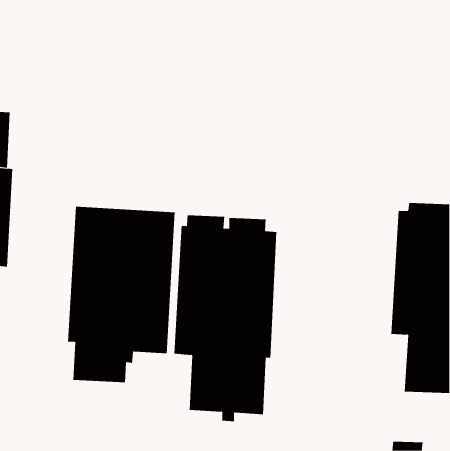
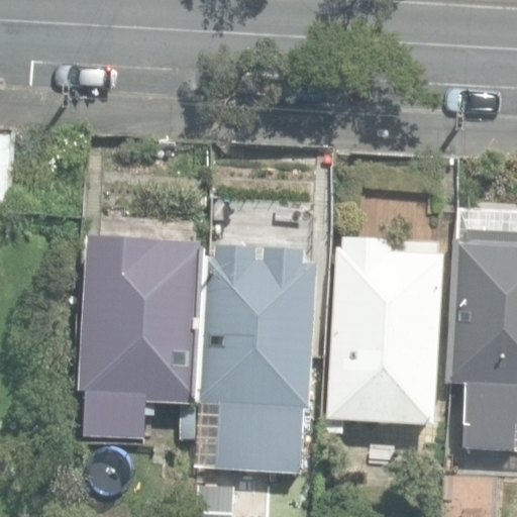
building: none -> [321,237,442,433]

